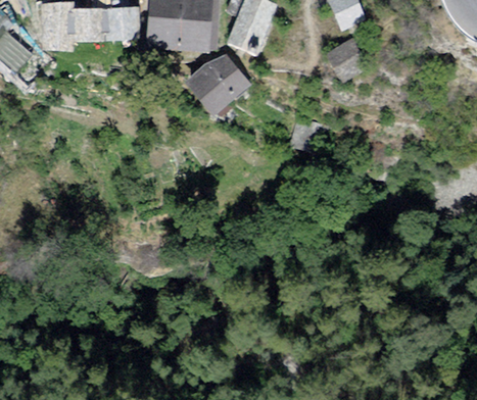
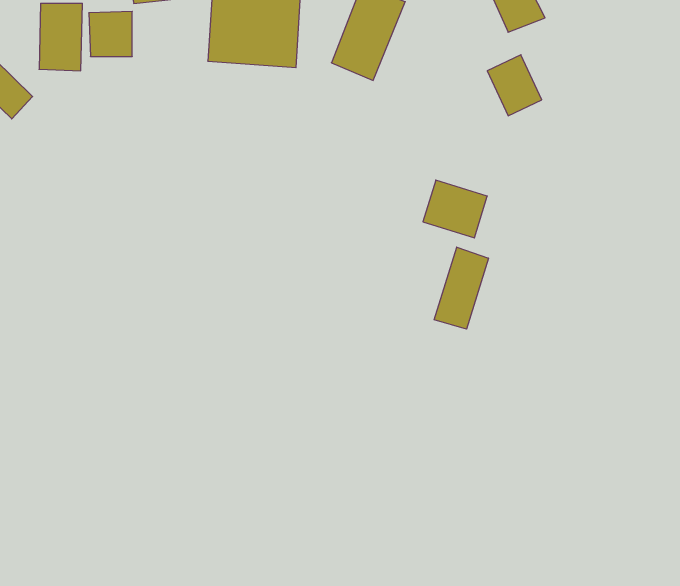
building: [103,6,138,38] -> none
building: [192,61,249,116] -> none
building: none -> [434,247,488,329]

